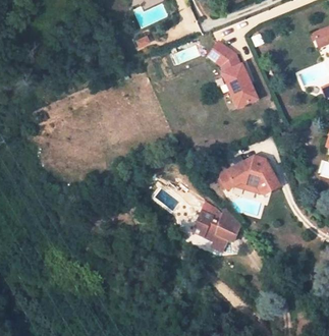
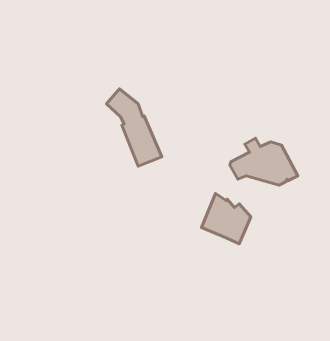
building: [208,43,256,110] -> [106,89,162,166]

